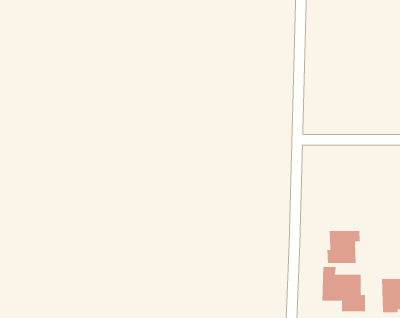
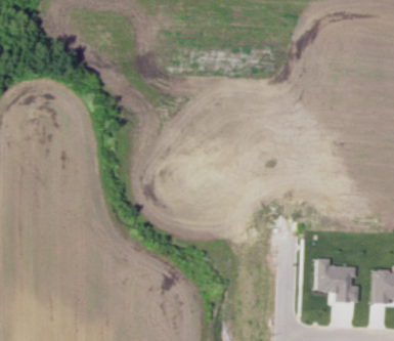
building: [327,230,360,264] -> none

